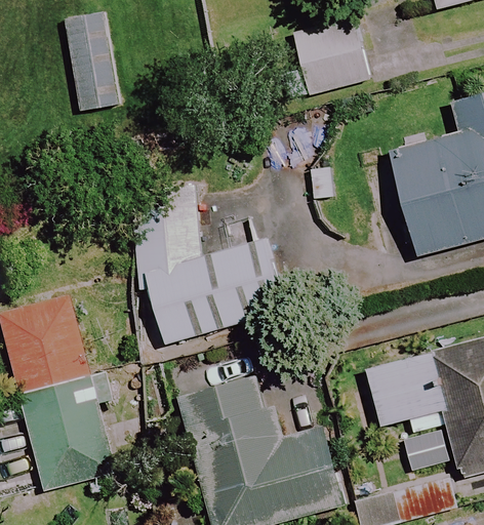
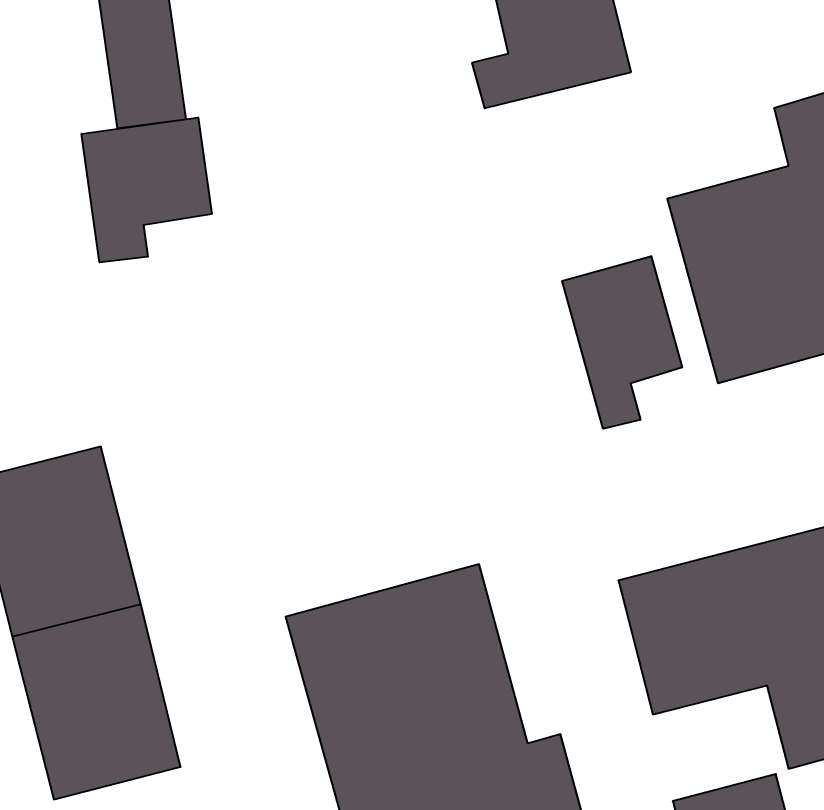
building: none -> [82,117,212,262]
building: [146,183,284,344] -> none
building: none -> [562,256,682,429]

